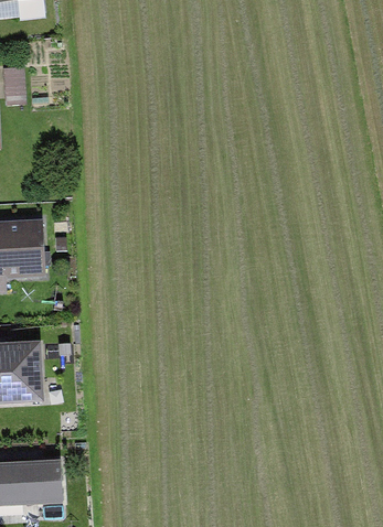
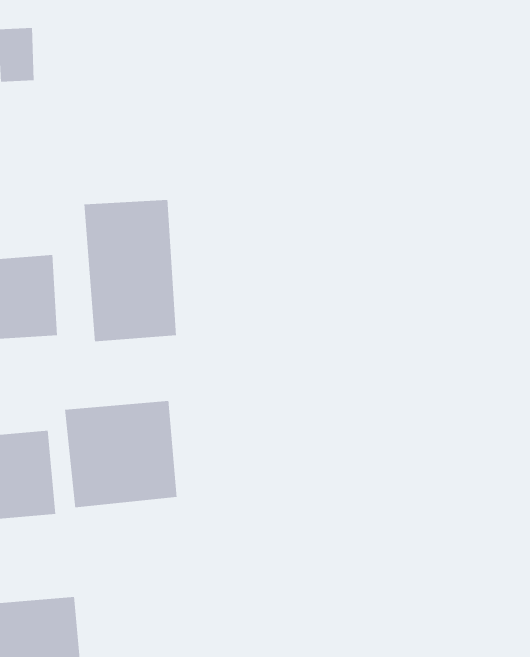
building: none -> [84,199,176,342]
building: none -> [64,400,177,508]

